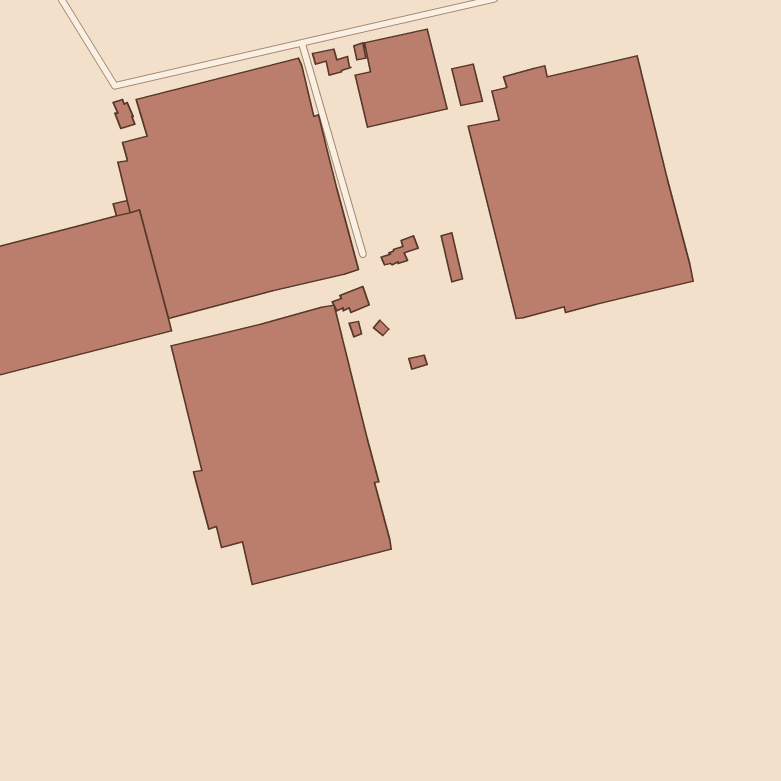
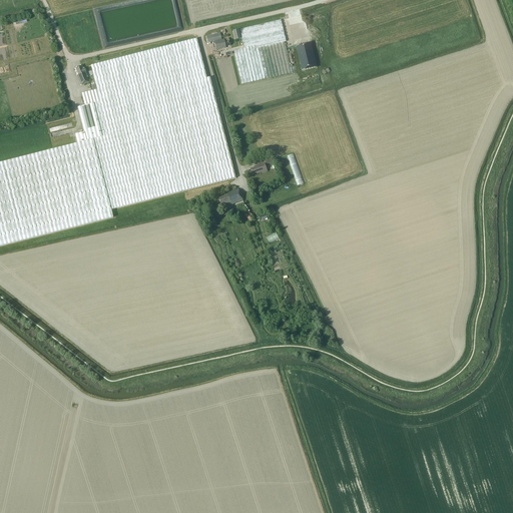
building: [468,56,693,318] -> none
building: [171,305,391,585] -> none

